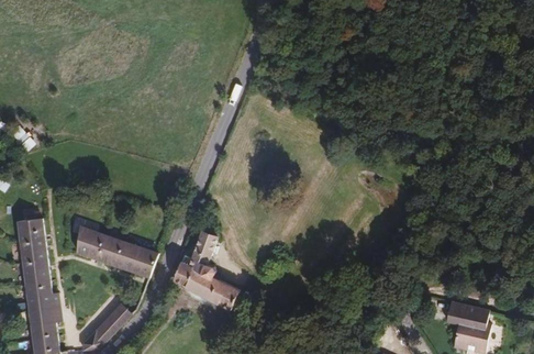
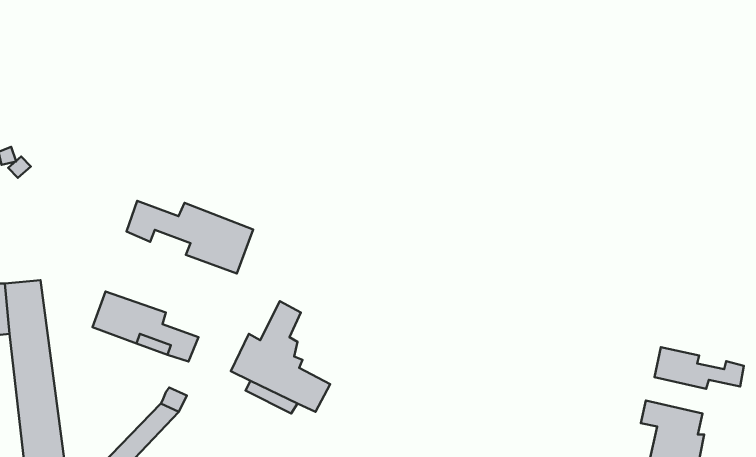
building: none -> [127,201,253,274]
building: none -> [654,347,744,389]

